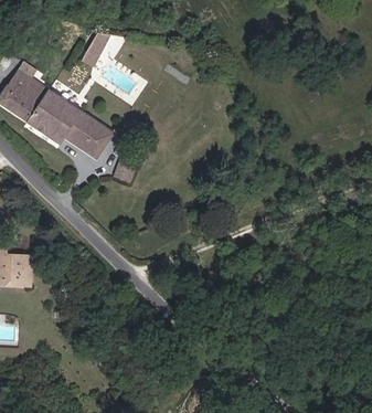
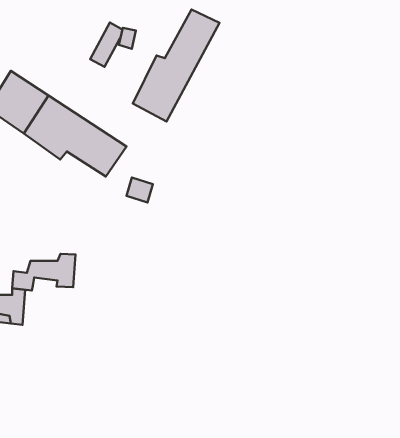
building: none -> [133,10,219,122]
building: none -> [12,254,76,291]

